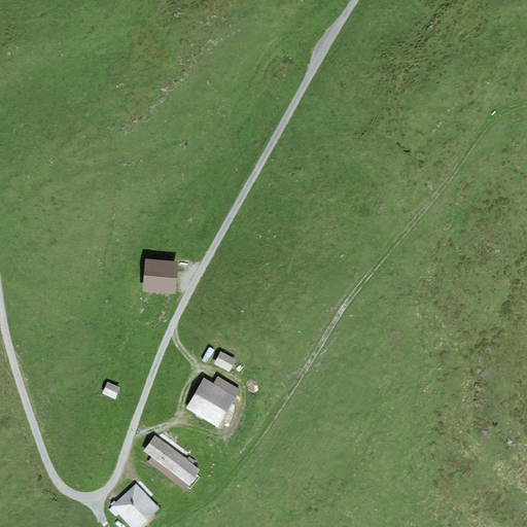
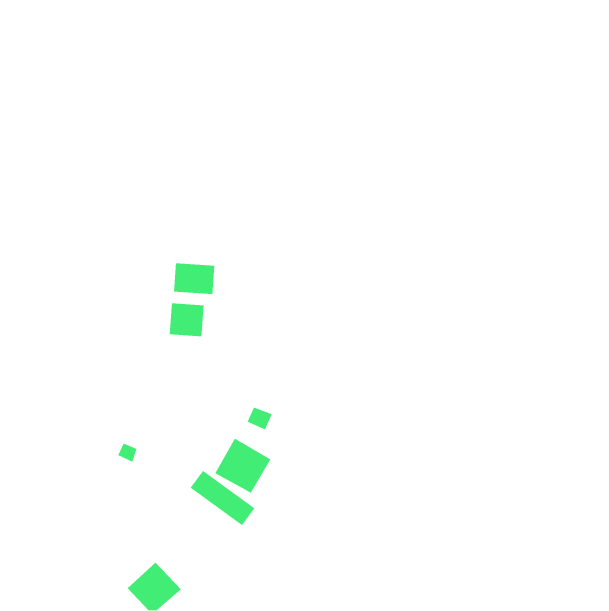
building: none -> [173,262,215,295]
building: [143,434,200,483] -> [190,470,255,526]

